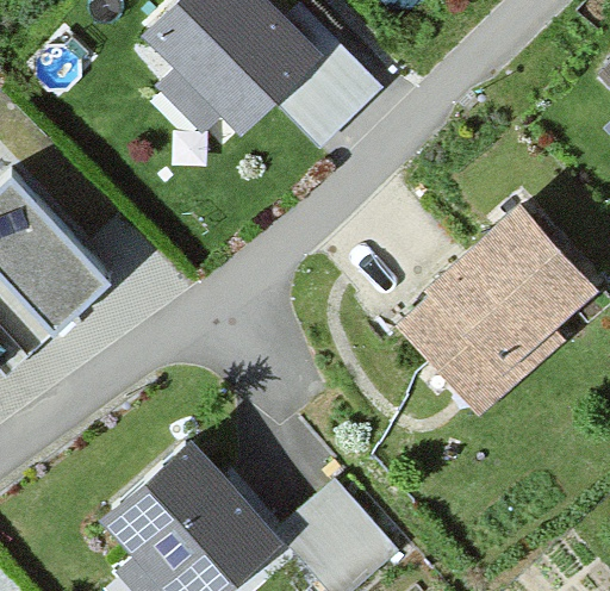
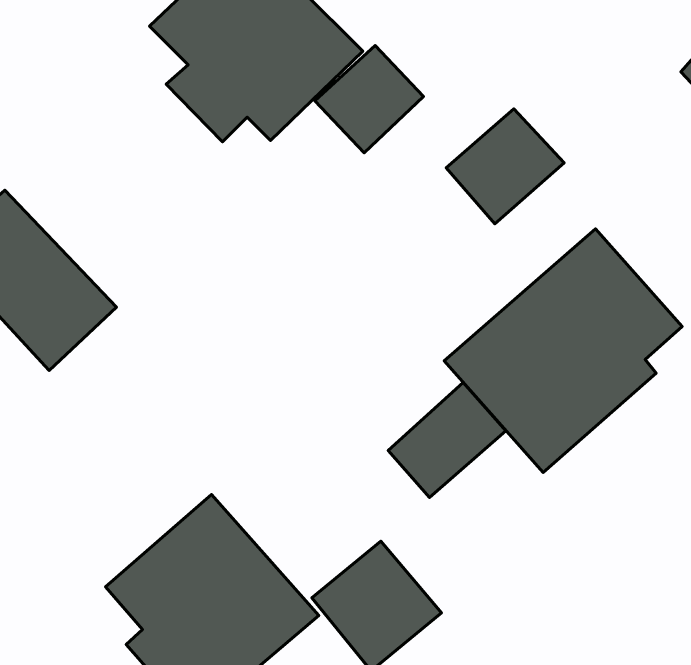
building: none -> [446,109,564,224]
building: none -> [388,382,506,497]

